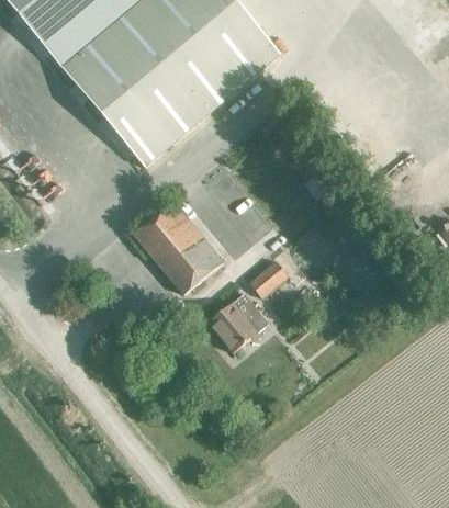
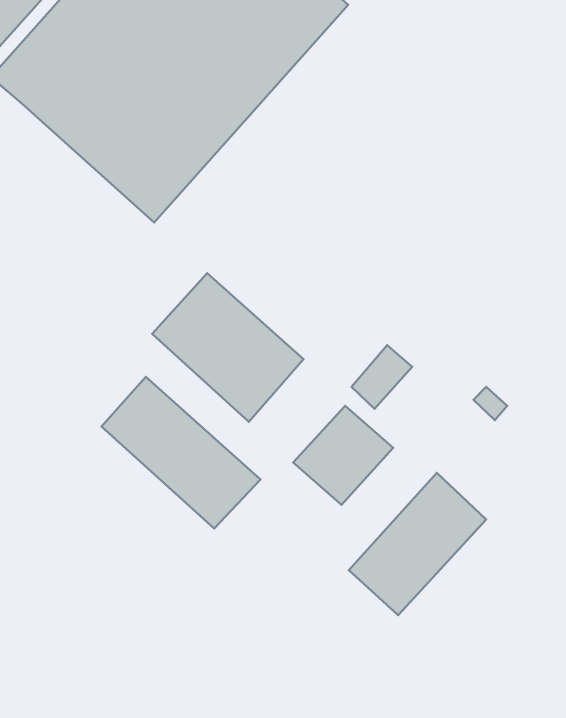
building: none -> [101,377,261,529]
building: none -> [349,473,486,615]

